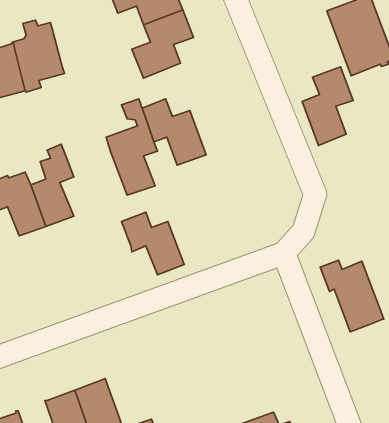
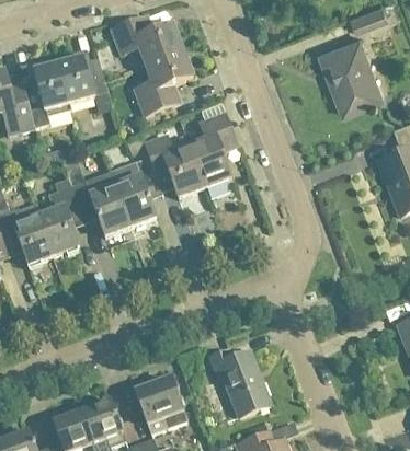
building: none -> [58,50,107,104]
building: [302,67,353,146] -> [190,113,238,187]
building: [121,212,184,275] -> [71,176,130,235]
building: [320,260,384,332] -> [210,348,271,416]
building: none -> [135,377,186,433]

